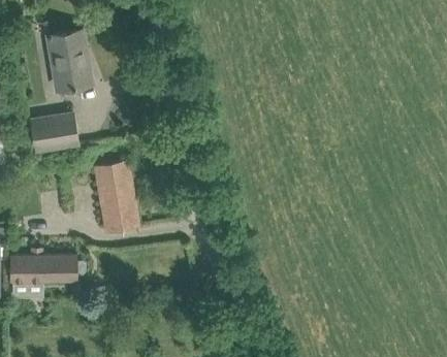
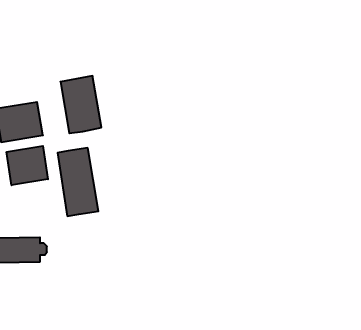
building: [47,30,91,91] -> [60,76,101,133]
building: none -> [7,146,48,185]

